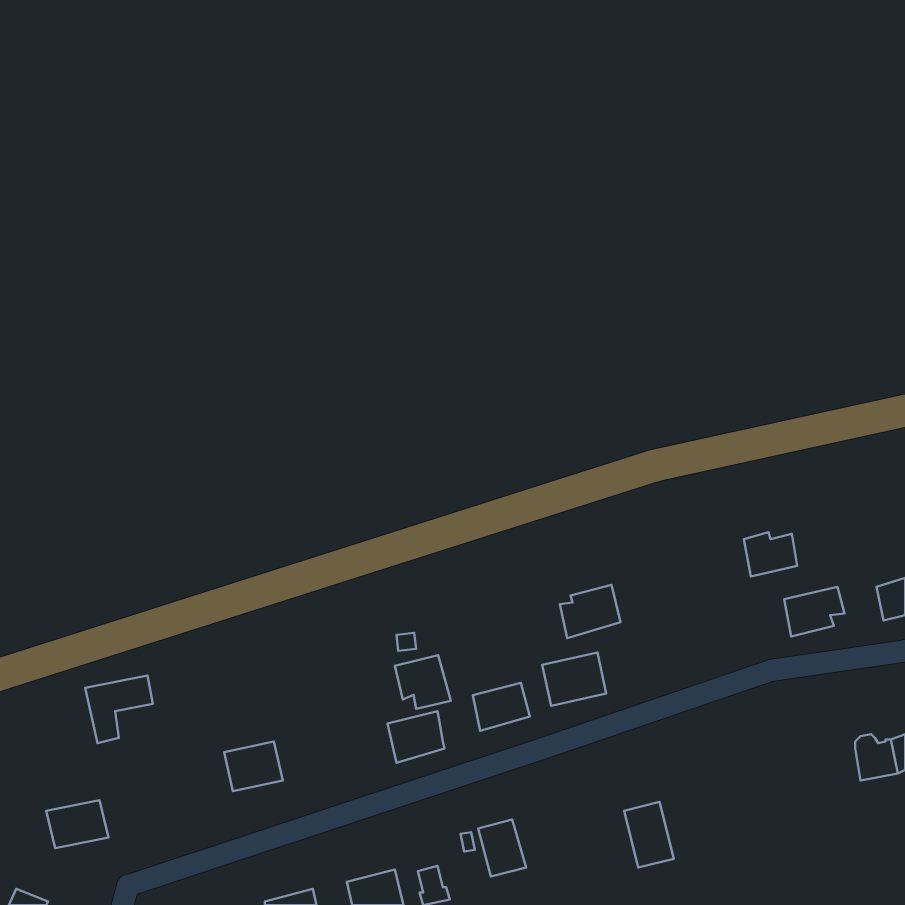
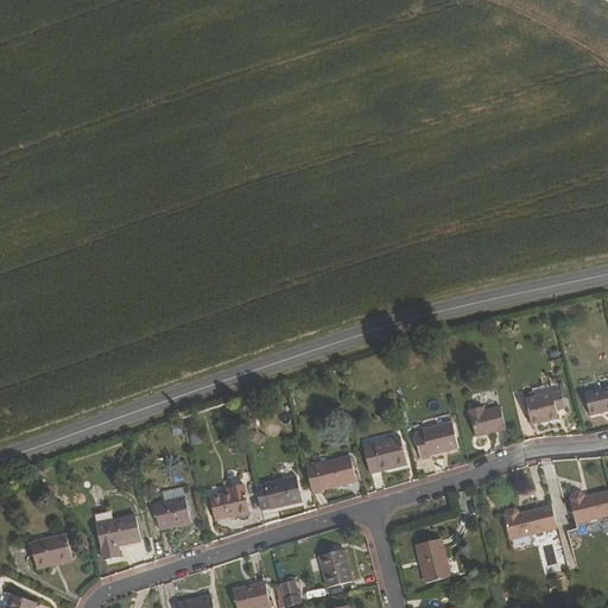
building: [744,532,797,576] -> [464,406,500,436]
building: [560,585,620,638] -> [414,420,455,456]
building: [395,655,451,709] -> none
building: [85,676,153,743] -> [94,515,139,560]
building: none -> [207,481,246,517]
building: none -> [504,506,556,542]

